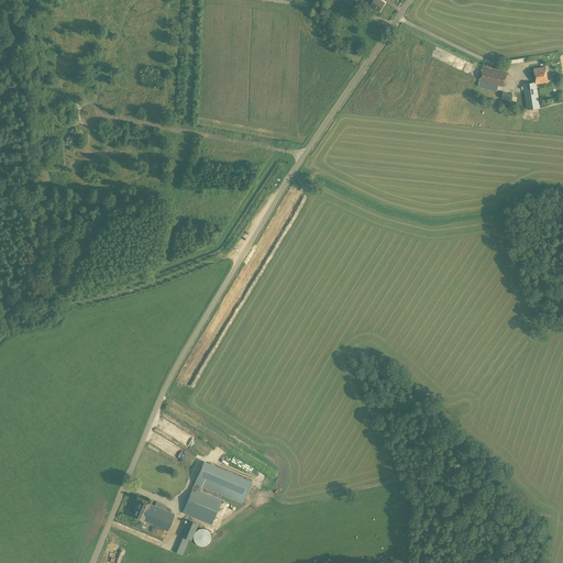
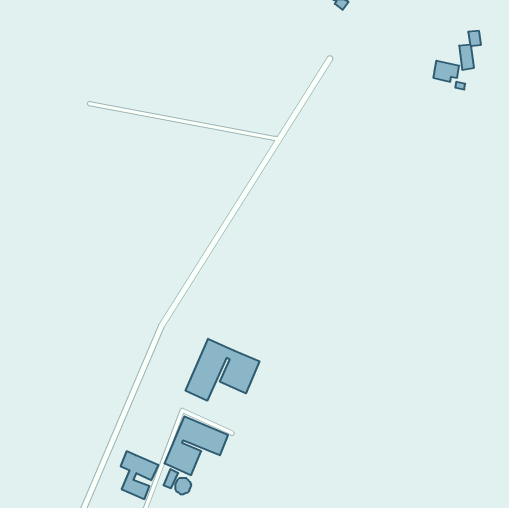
building: [523,66,548,109] -> [459,31,481,70]
building: none -> [186,339,259,401]

